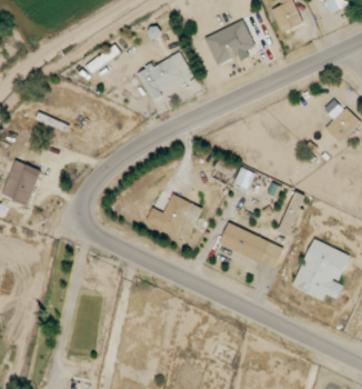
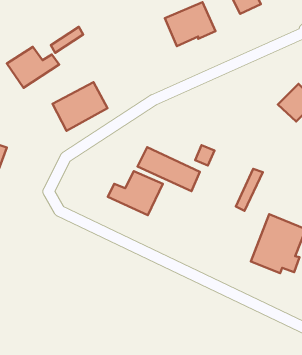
building: [138,51,194,101] -> [53,82,107,131]
building: none -> [7,47,59,88]
building: [219,222,283,268] -> [138,147,200,191]

